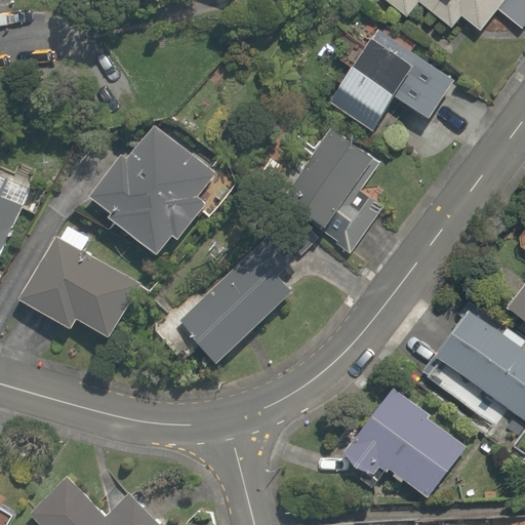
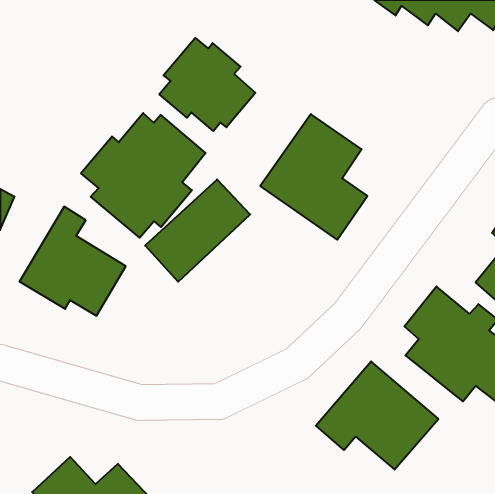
building: [324,24,454,132] -> none
building: none -> [159,38,255,131]
building: [181,253,292,361] -> [145,179,250,282]

